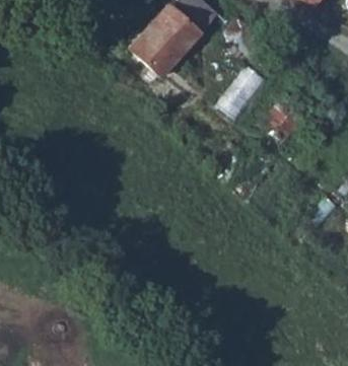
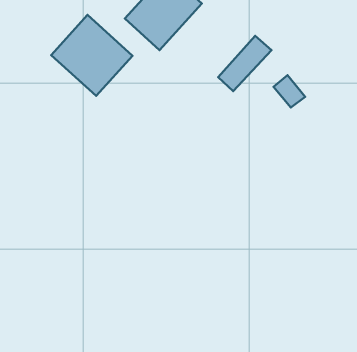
building: none -> [51,15,133,96]

